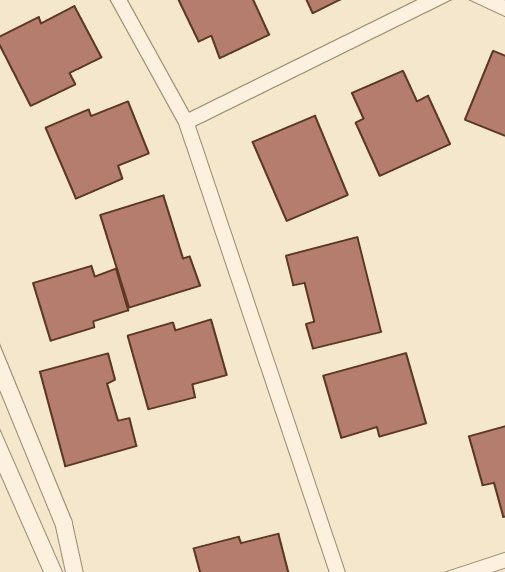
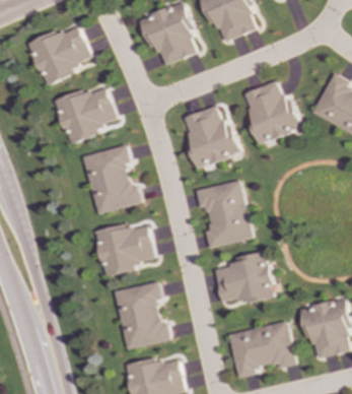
building: [33,266,128,341] -> none
building: [40,353,137,466] -> [115,282,170,349]
building: none -> [229,322,295,378]

